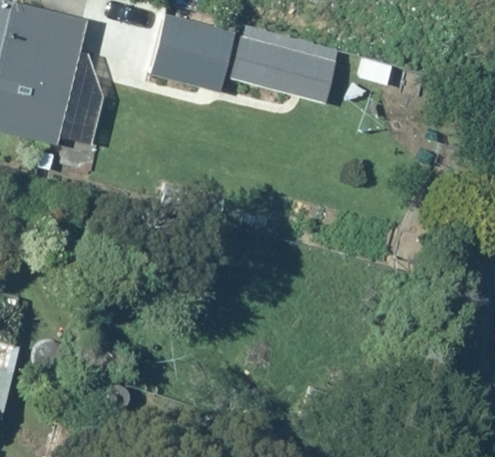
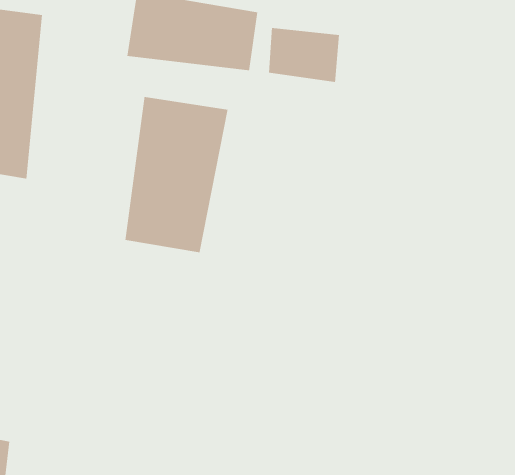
building: none -> [125,96,228,253]

